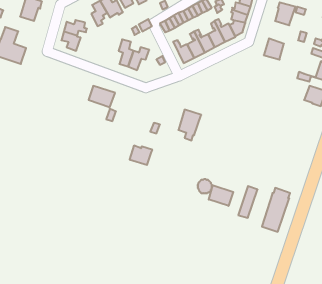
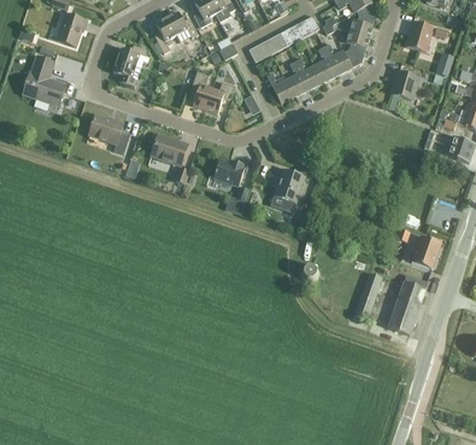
building: none -> [87,115,128,153]
building: [130,146,152,165] -> [212,158,243,185]
building: none -> [411,236,440,269]
building: [209,185,233,206] -> none

